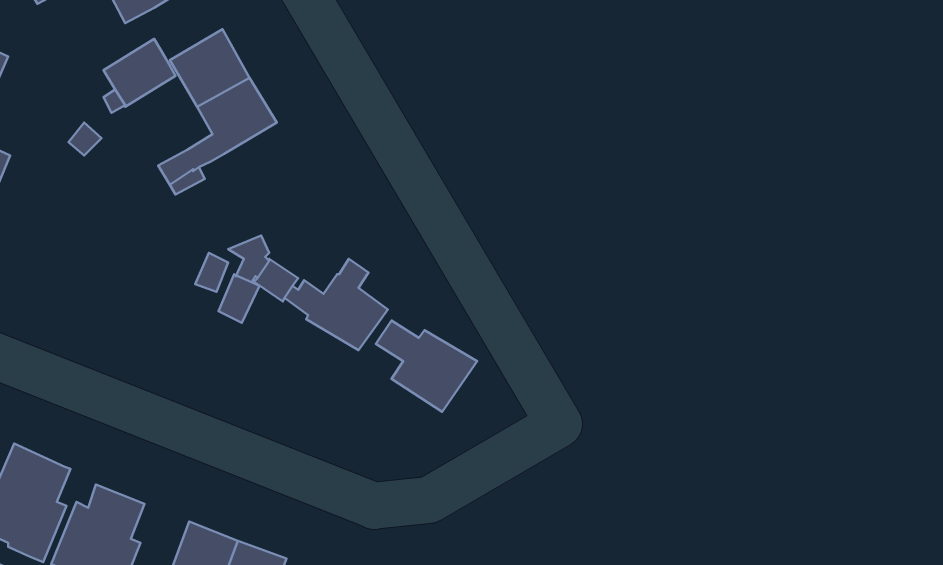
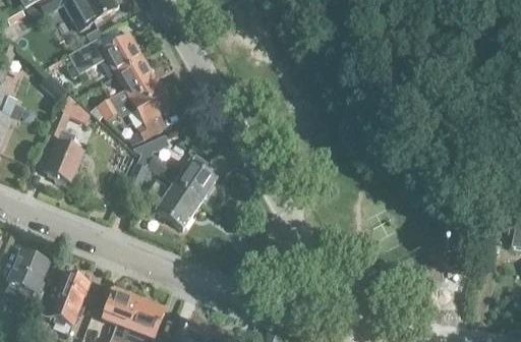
building: none -> [124,81,173,138]
building: none -> [46,109,83,183]
building: [376,320,477,412] -> [149,179,201,227]

